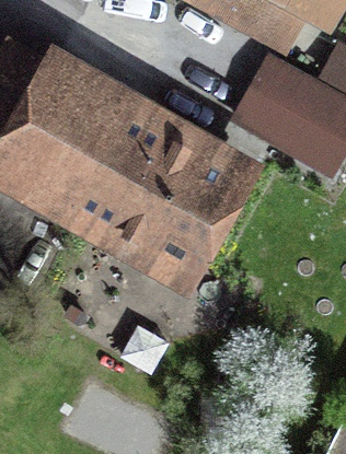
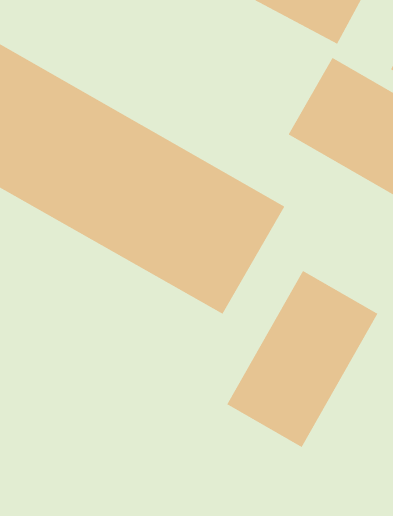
building: none -> [226,270,378,448]

